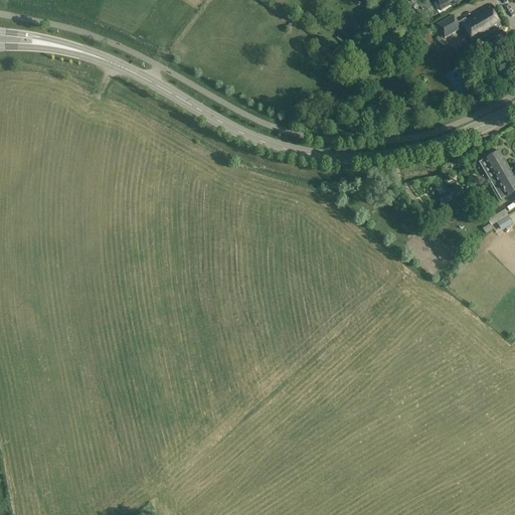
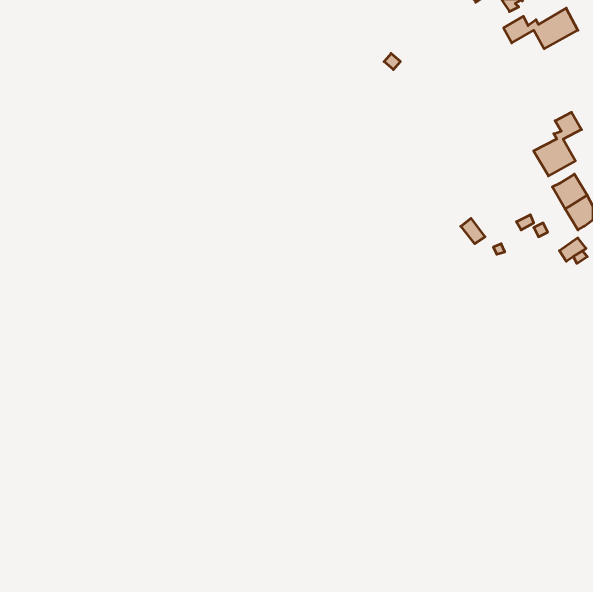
building: none -> [534,112,582,176]

